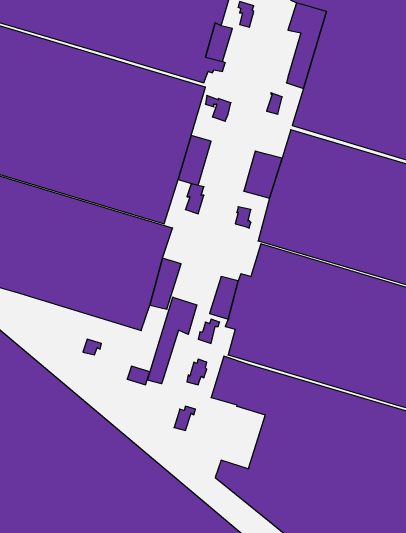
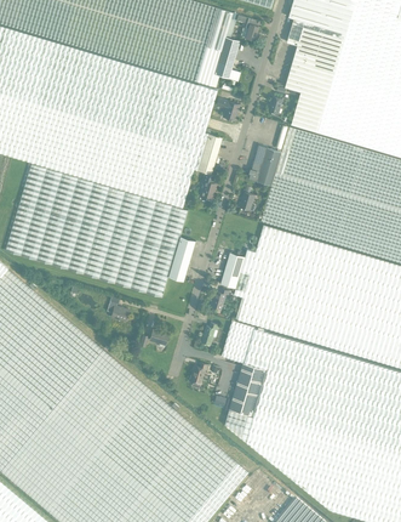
building: [147,297,197,384] -> none
building: none -> [230,362,268,415]

